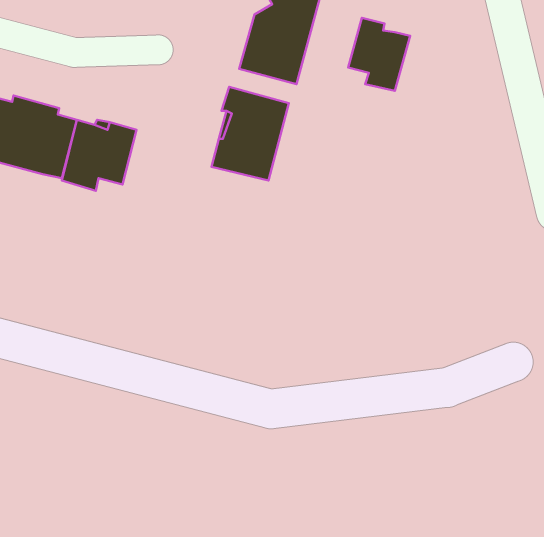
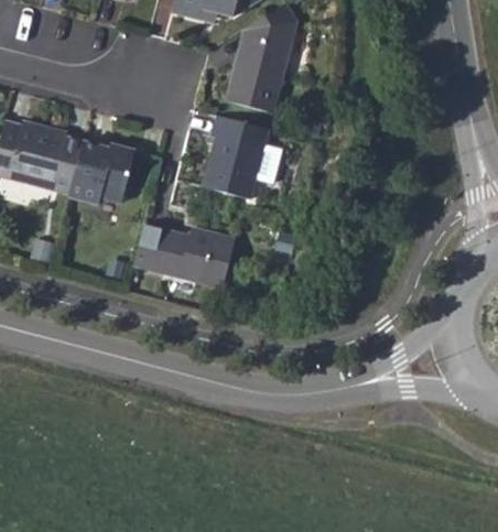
building: [348,18,410,91] -> none
building: none -> [133,224,234,286]

